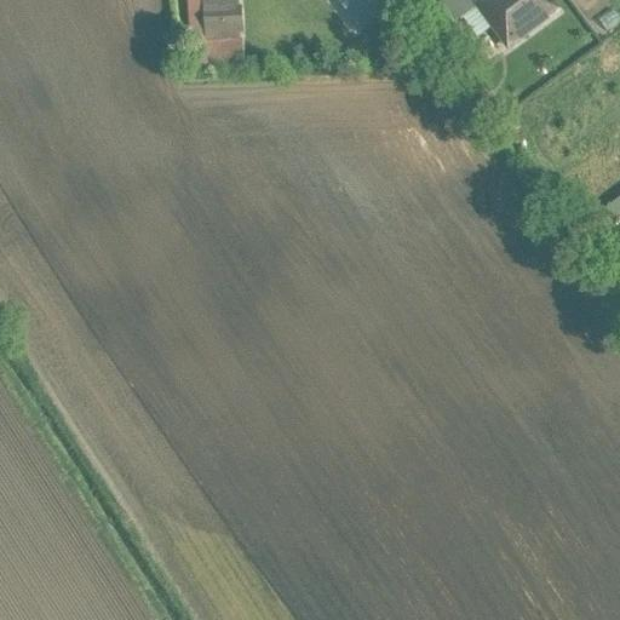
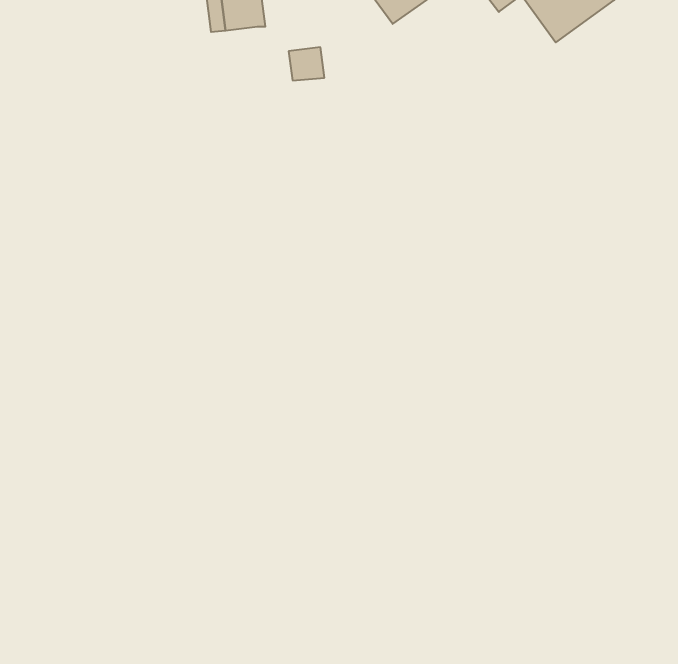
building: [206,24,239,54] -> [289,47,324,80]

